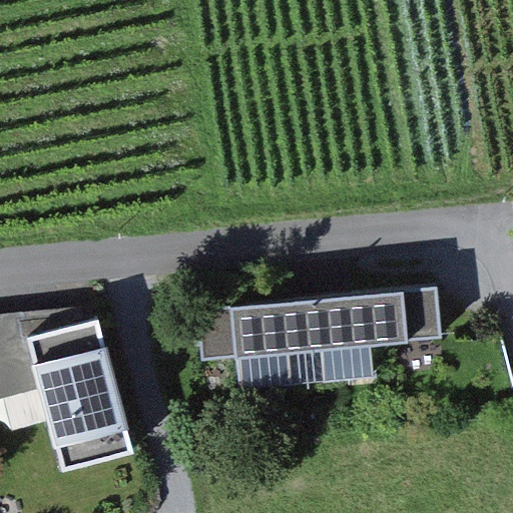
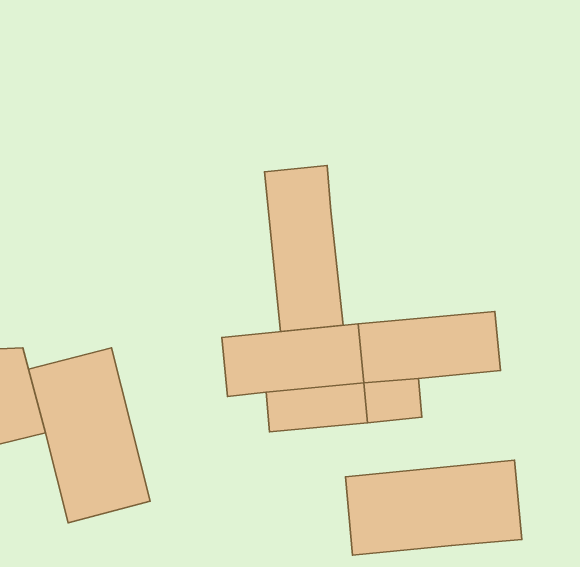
building: none -> [265,165,343,332]
building: none -> [346,460,522,555]

